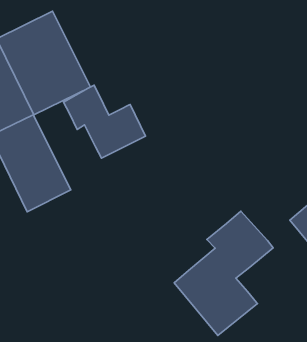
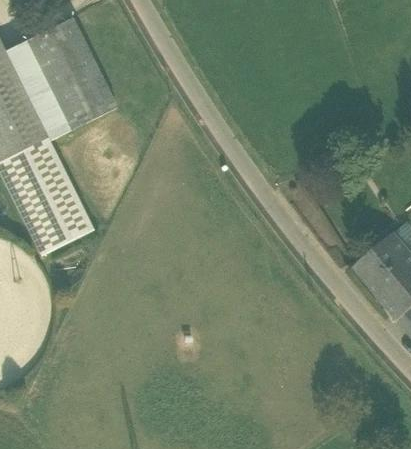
building: [63,85,145,158] -> none
building: [174,211,273,335] -> none

